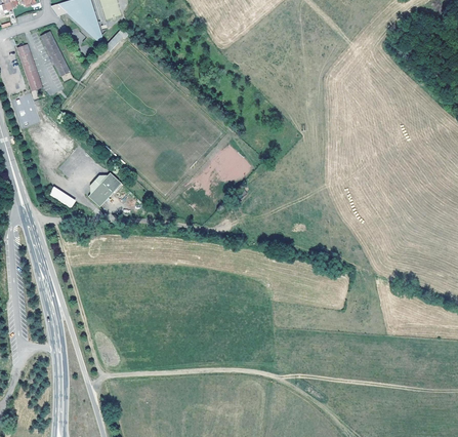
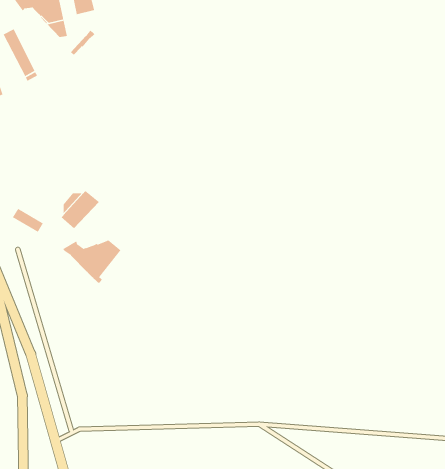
building: none -> [62,239,122,284]

